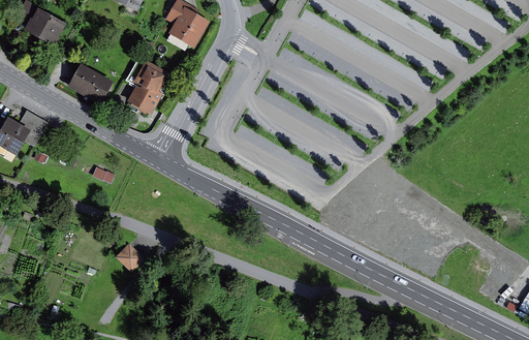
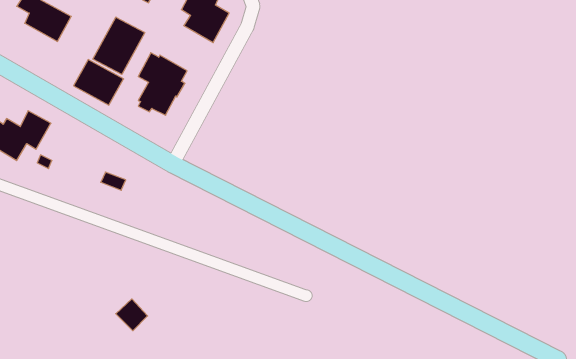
building: none -> [93,17,145,74]
building: [115,240,144,269] -> [116,299,148,331]

